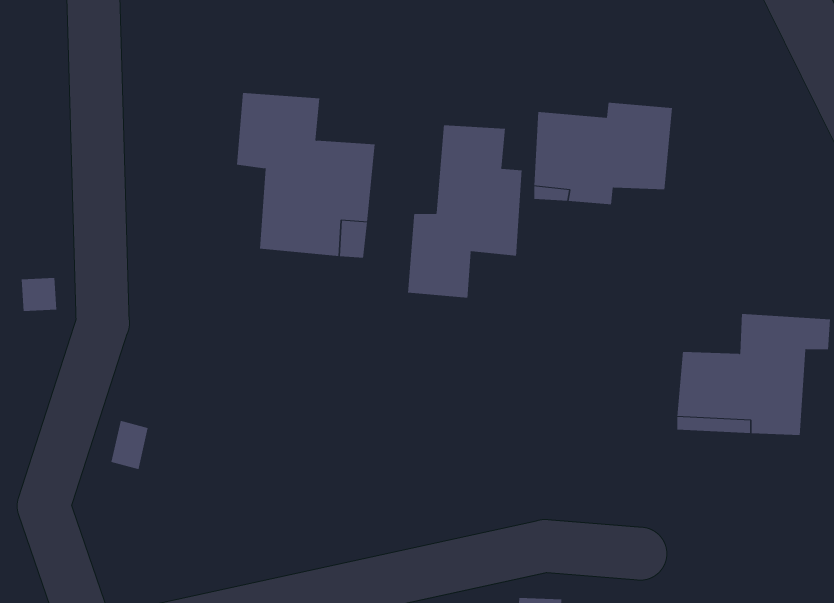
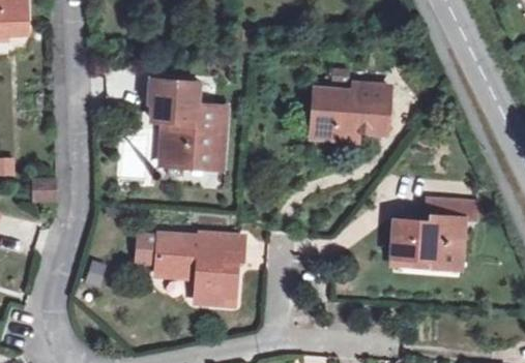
building: [408,125,522,298] -> none
building: none -> [137,233,241,303]

